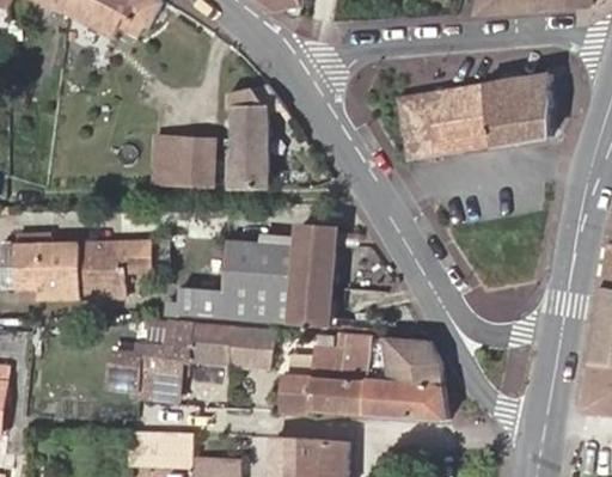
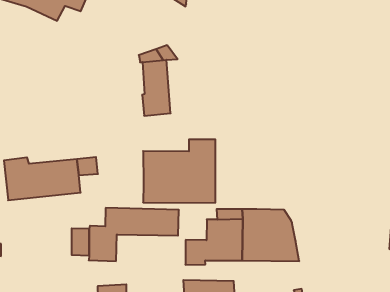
building: [392,69,547,157] -> none
building: [153,136,215,183] -> none
building: [173,286,224,316] -> none

